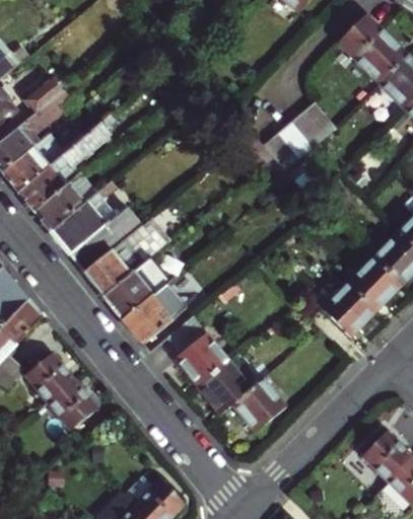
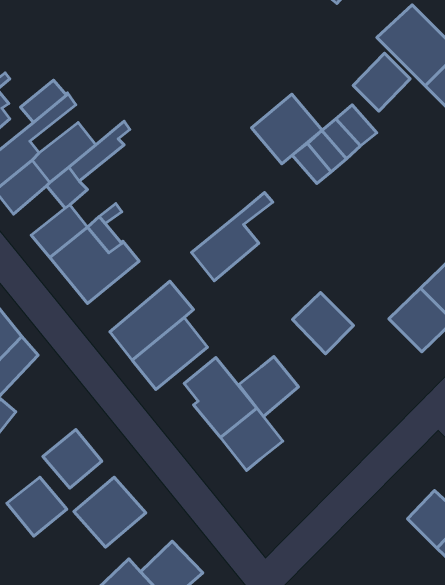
building: none -> [353,53,410,111]
building: none -> [252,94,322,164]
building: [20,169,65,212] -> none
building: [84,219,154,295] -> [192,193,273,281]
building: [320,284,372,337] -> [292,293,354,354]
building: [22,352,74,402] -> [7,477,67,536]
building: [233,380,285,432] -> [239,356,299,416]
building: none -> [74,477,146,547]

